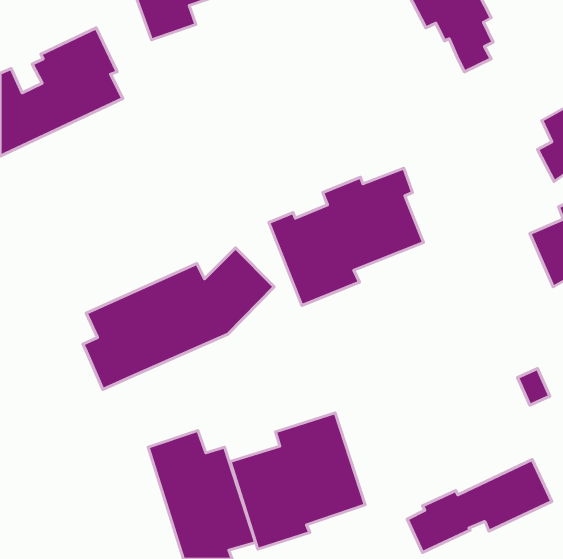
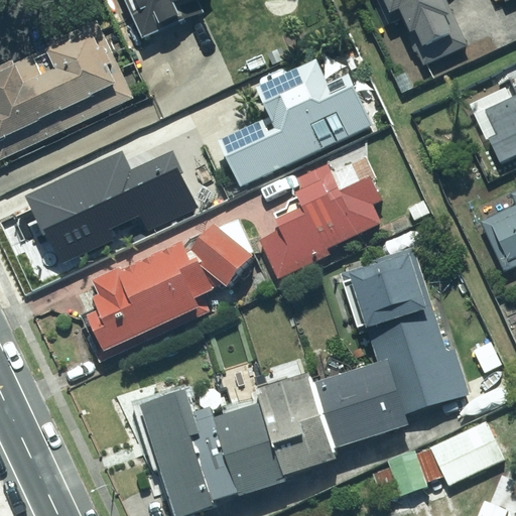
building: none -> [214,61,369,187]
building: none -> [36,145,202,257]
building: none -> [311,245,468,450]

